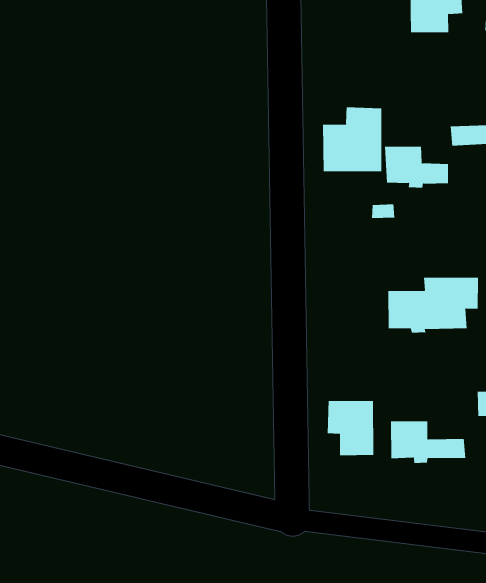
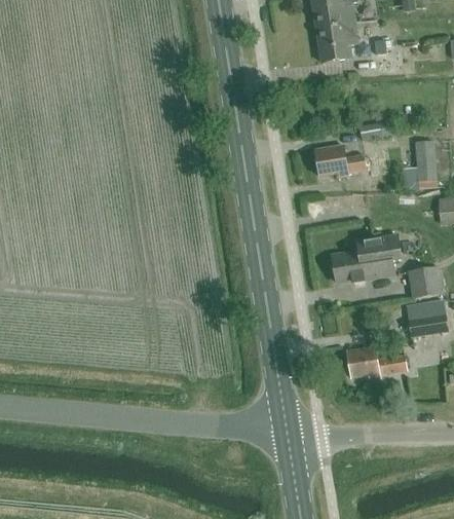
building: [323,106,382,172] -> none
building: [327,400,374,456] -> none

